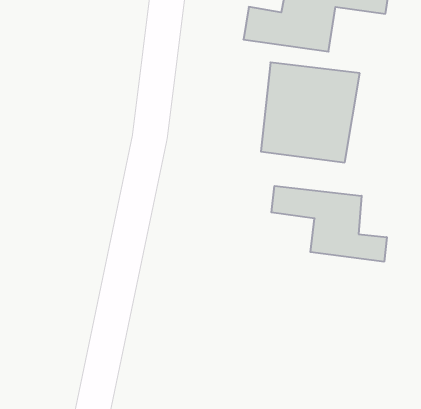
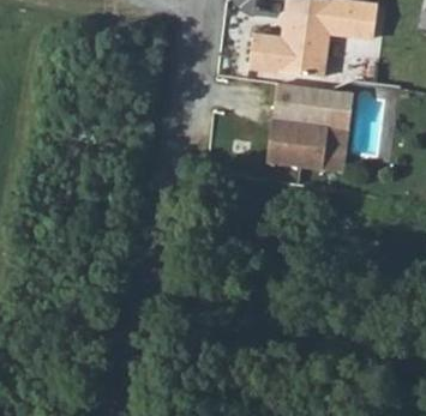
building: [271,186,387,262] -> none

